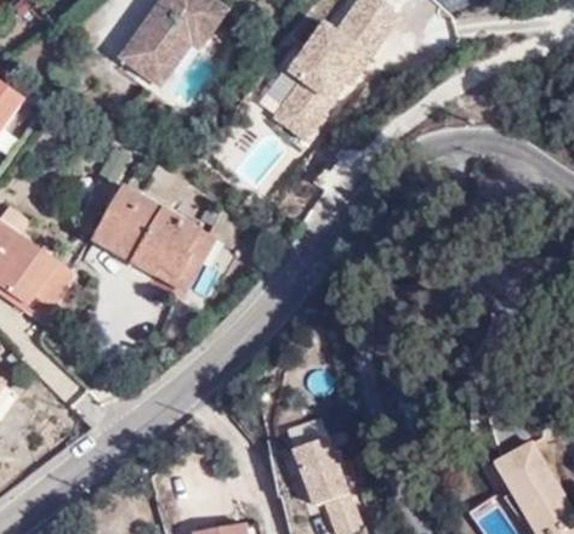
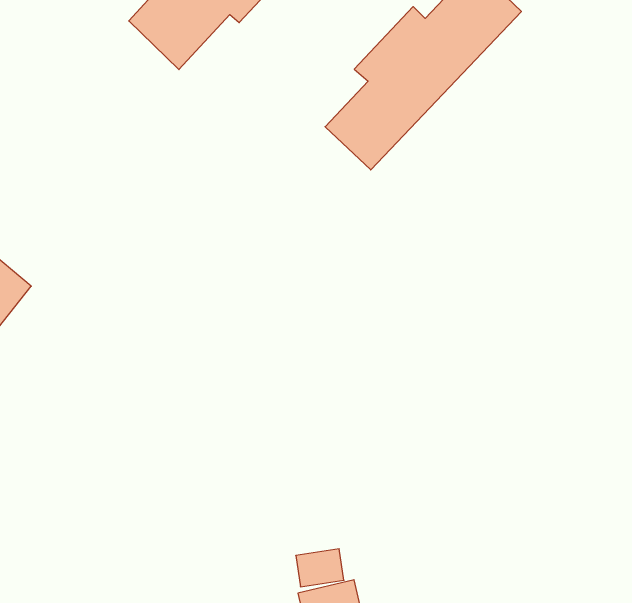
building: [90,178,208,280] -> none

